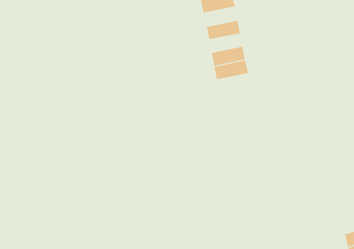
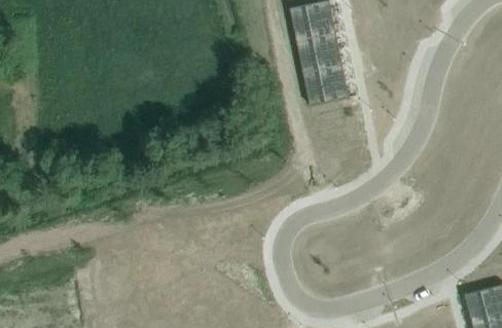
building: none -> [293,16,336,41]
building: none -> [300,49,343,73]

